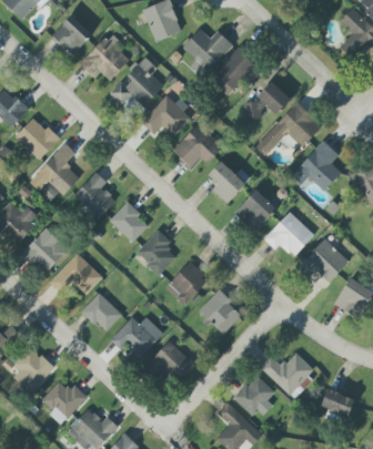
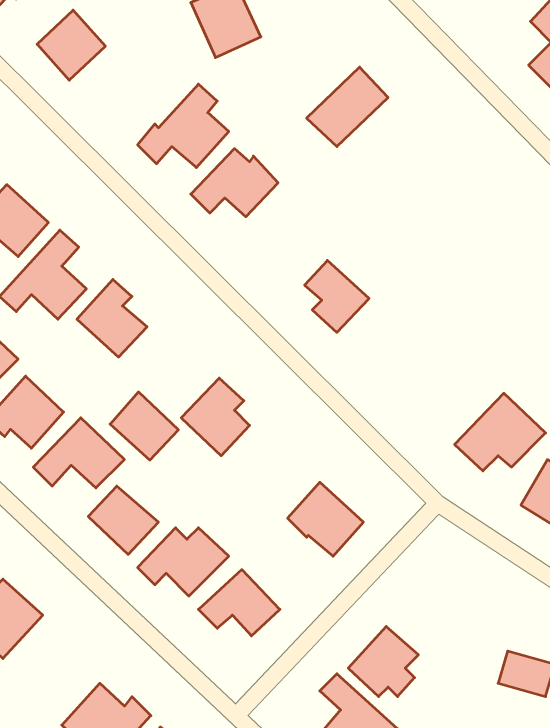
building: [182,29,232,71] -> none
building: [80,32,129,80] -> none
building: [243,81,290,120] -> none
building: [255,102,322,155] -> none
building: [172,123,222,167] -> none
building: [290,141,341,191] -> none
building: [235,188,276,231] -> none
building: [109,202,149,242] -> [110,392,178,460]
building: [263,211,314,256] -> none
building: [164,262,208,306] -> none
building: [260,353,316,398] -> none
building: [41,381,87,425] -> none

